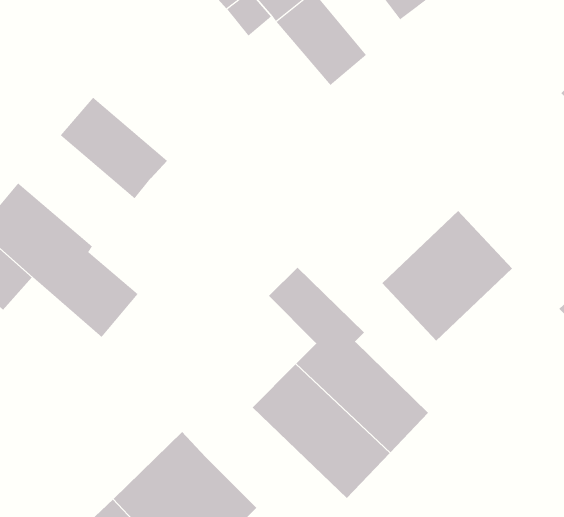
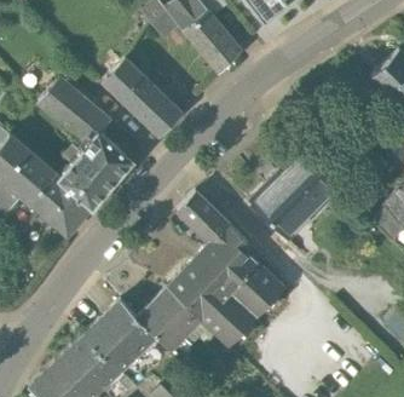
building: none -> [104,56,181,133]
building: none -> [59,132,133,208]
building: none -> [137,283,202,350]

